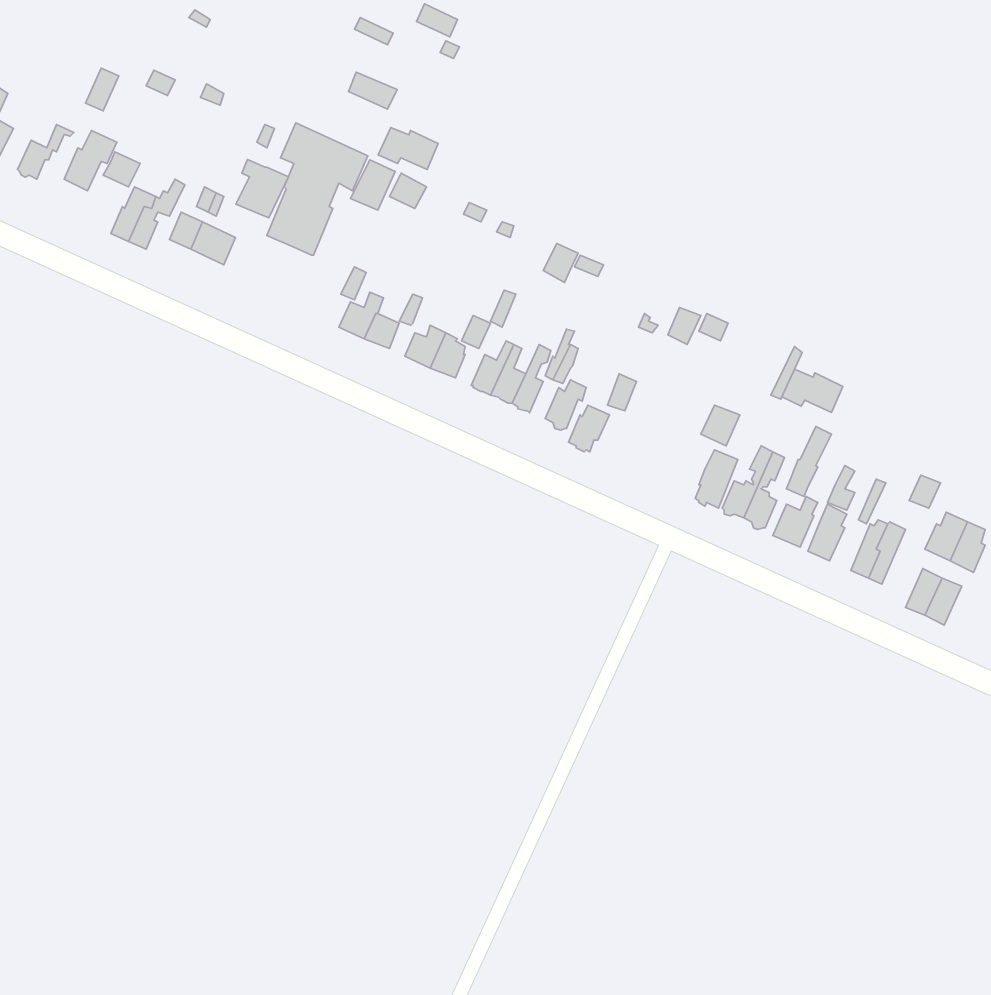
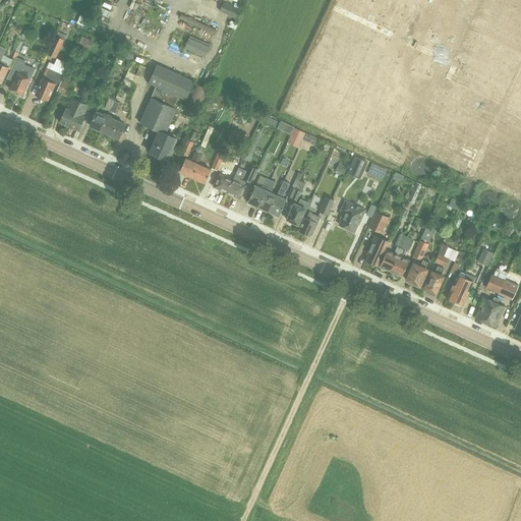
building: [378,127,438,170] -> none
building: [236,159,288,218] -> [148,129,175,160]
building: [782,369,843,413] -> none
building: none -> [337,200,363,231]

